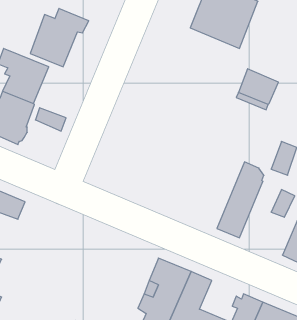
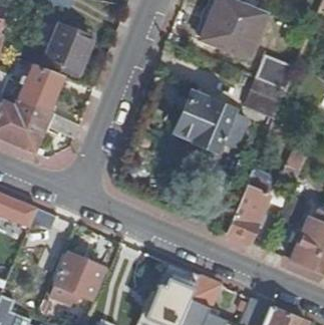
building: none -> [257,54,296,90]
building: none -> [177,93,248,149]
building: none -> [56,254,105,299]

